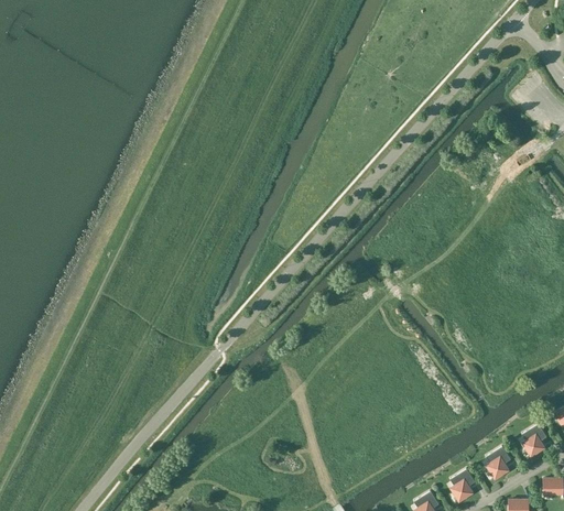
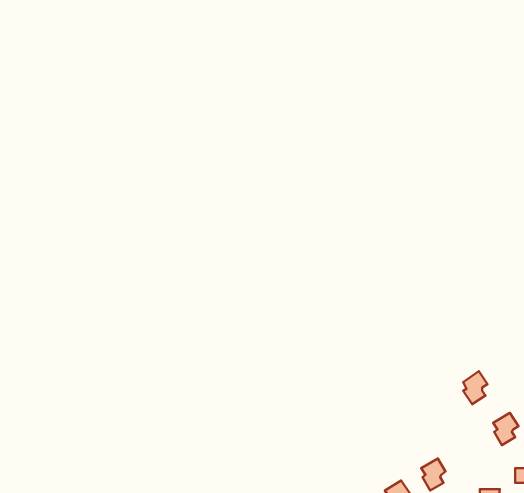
building: [487,447,511,480] -> [463,371,488,404]

